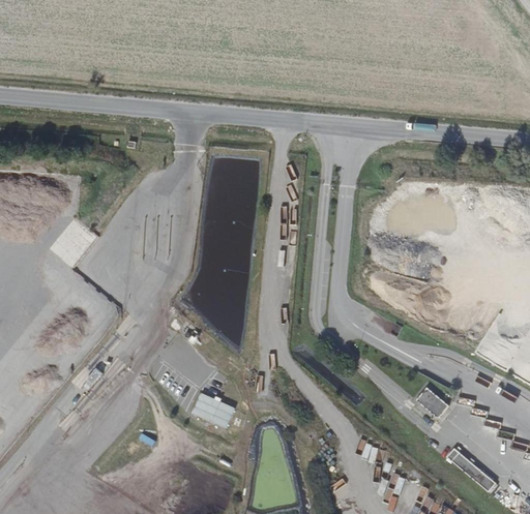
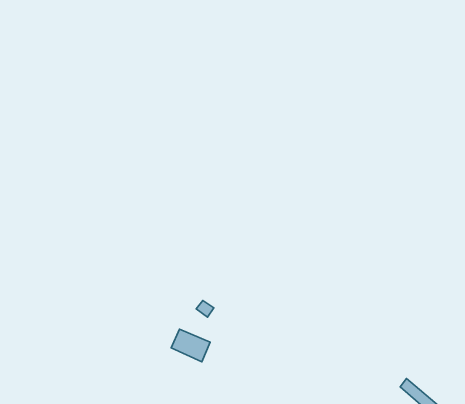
building: [416,388,449,418] -> none

